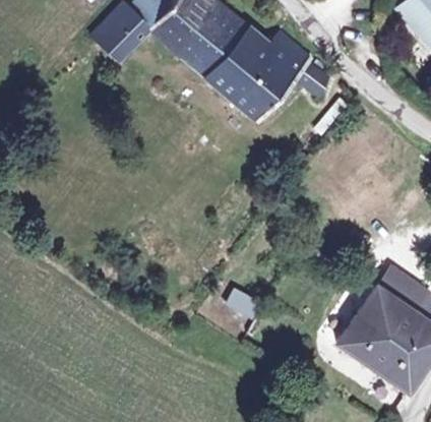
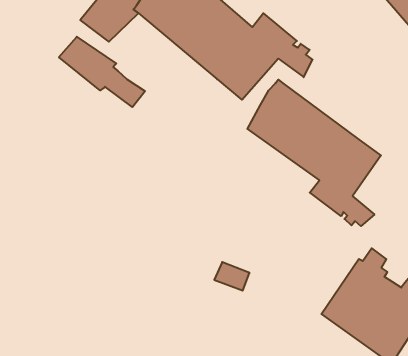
building: none -> [59,37,145,107]
building: none -> [247,80,381,226]

